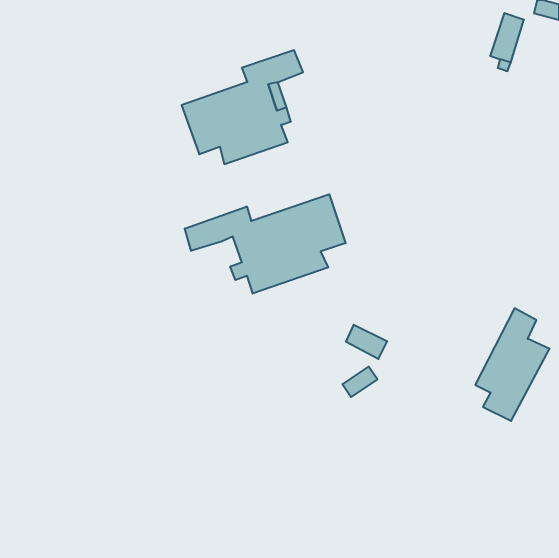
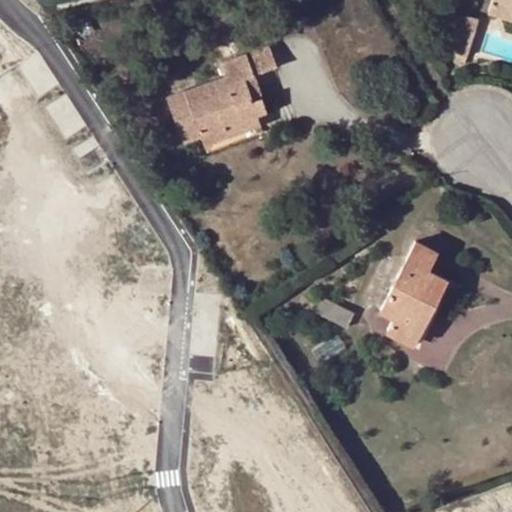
building: [185,194,346,294] -> none
building: [475,308,550,421] -> [380,242,448,345]

